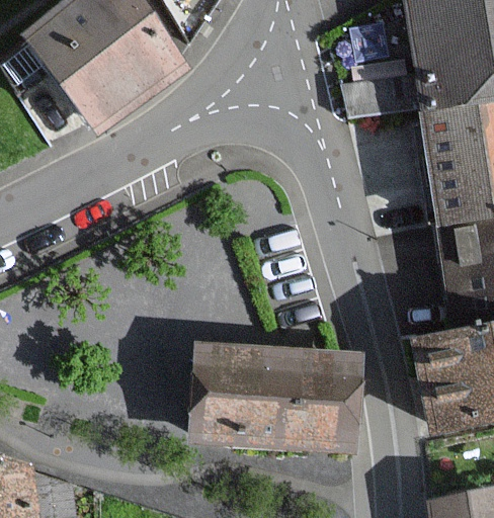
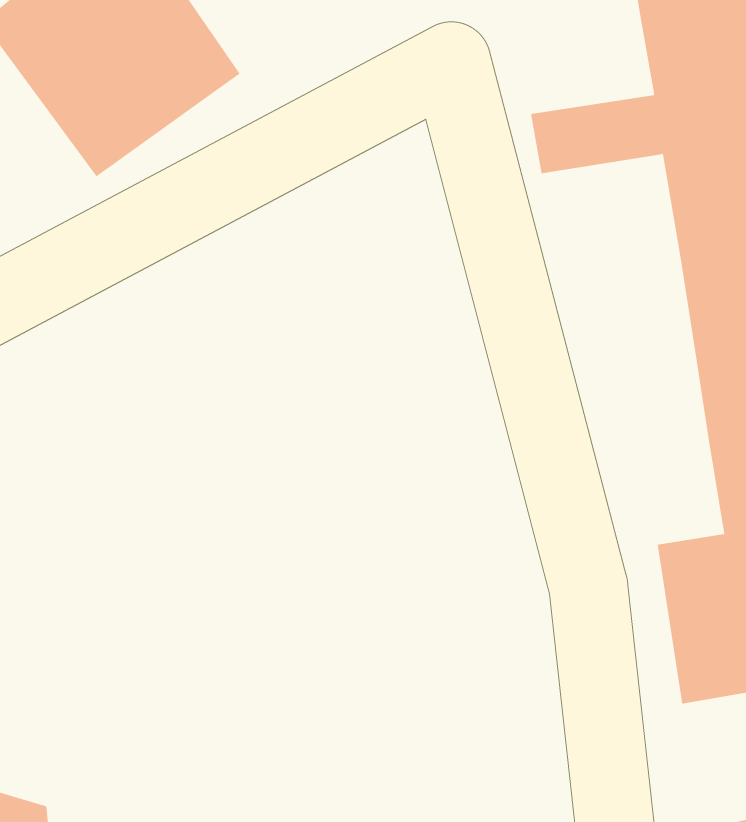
building: [192,347,346,447] -> none

